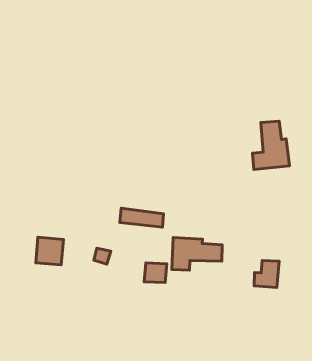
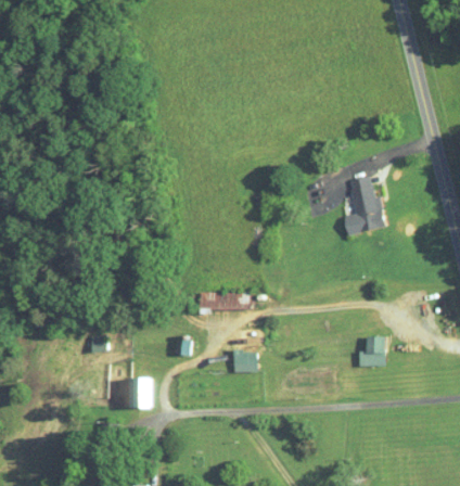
building: [36,237,63,265] -> [123,379,152,408]
building: [172,237,222,270] -> none

